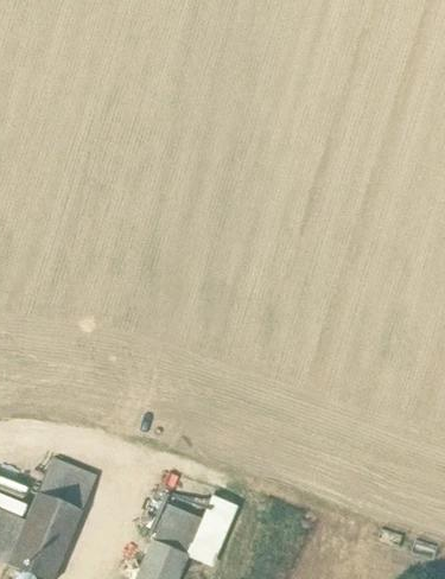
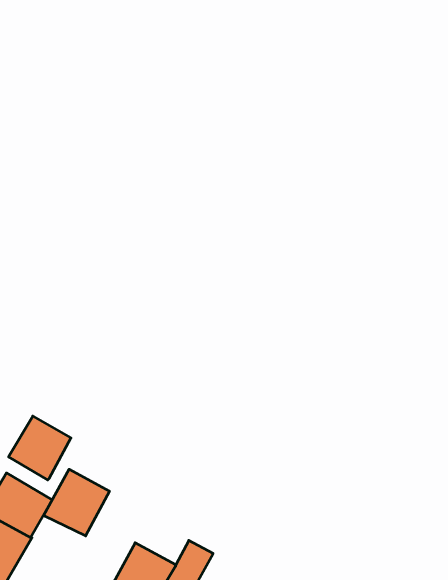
building: none -> [9,416,71,480]
building: none -> [44,469,109,536]

